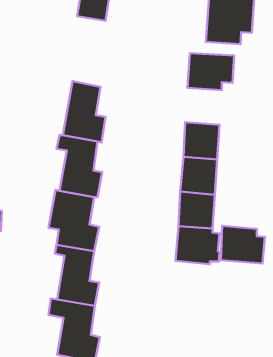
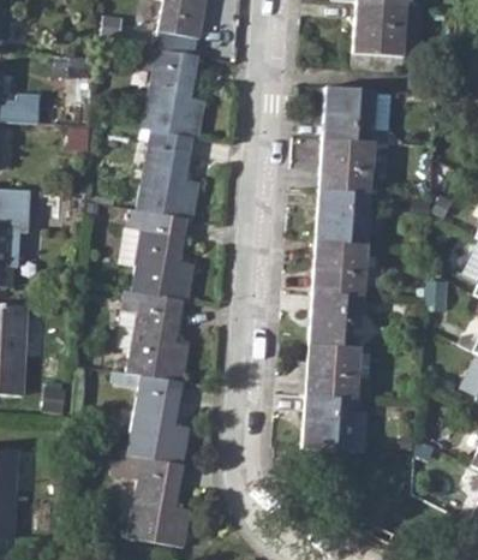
building: none -> [130,41,205,135]
building: none -> [319,136,375,191]
building: [221,226,265,264] -> [303,394,369,451]

